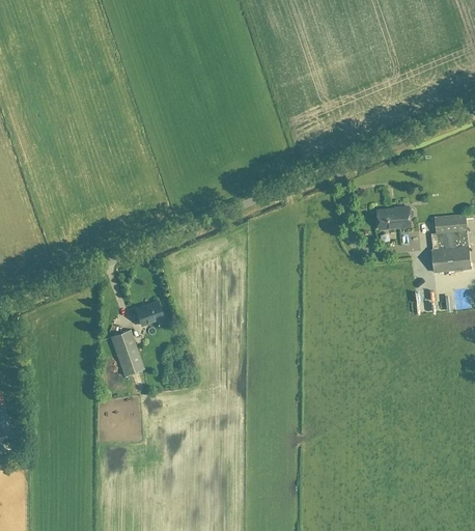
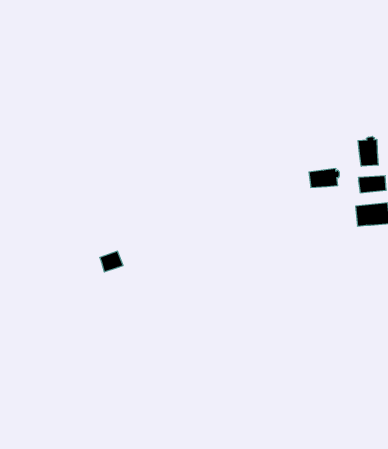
building: none -> [358,136,378,166]
building: [109,330,143,375] -> none

